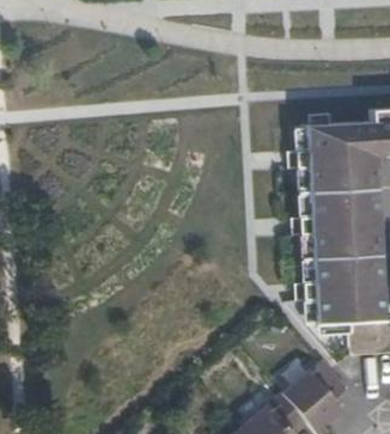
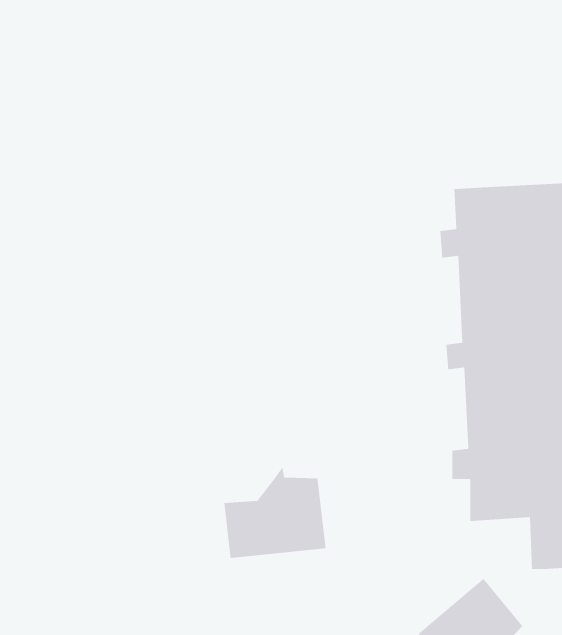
building: none -> [224,466,326,559]

